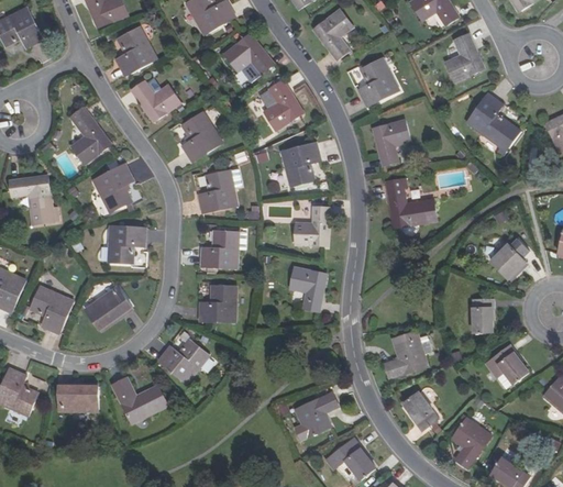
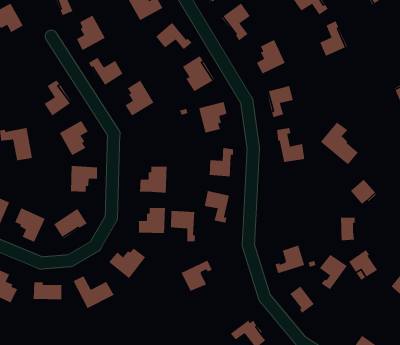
building: [464,92,517,152] -> [320,122,359,165]
building: [199,168,239,212] -> none
building: none -> [170,210,196,242]
building: [295,394,339,438] -> [180,260,213,292]
building: [453,419,493,468] -> [319,254,348,290]

